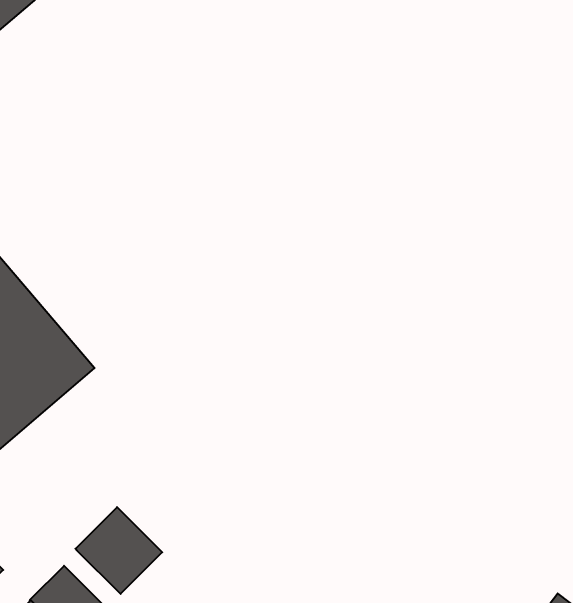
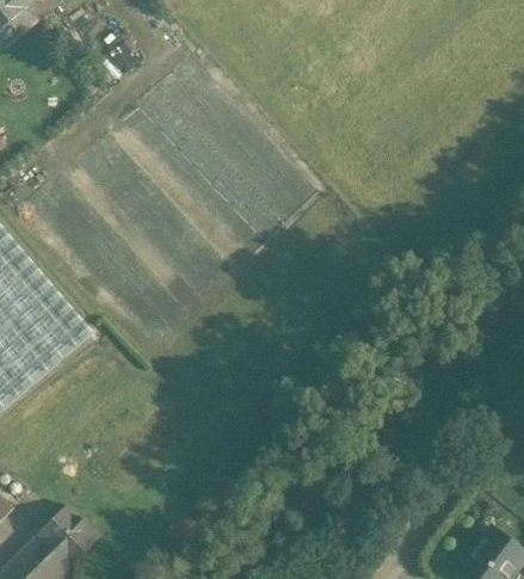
building: [75,507,162,594] -> none

